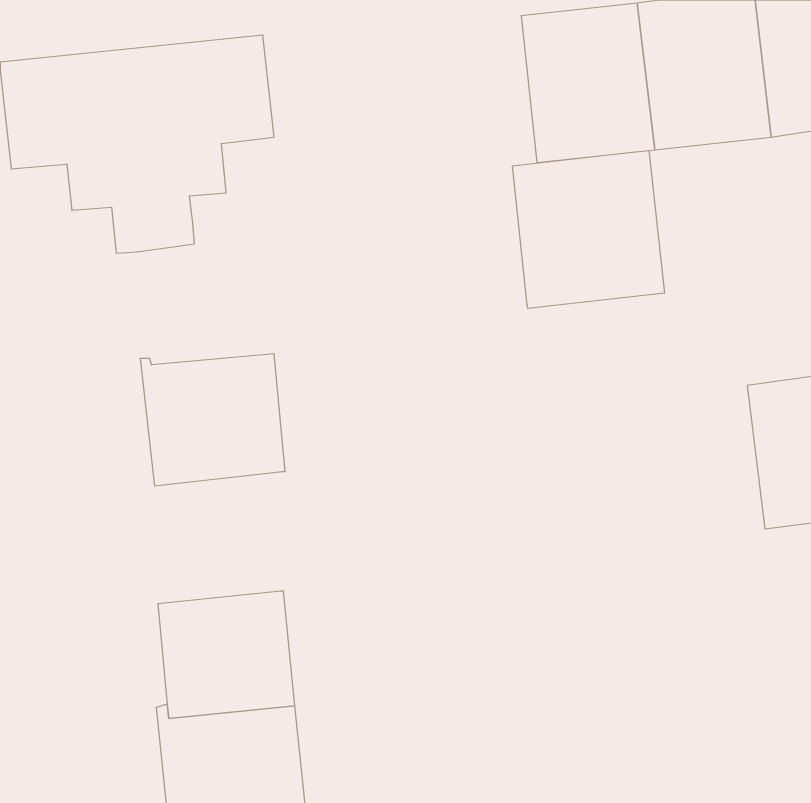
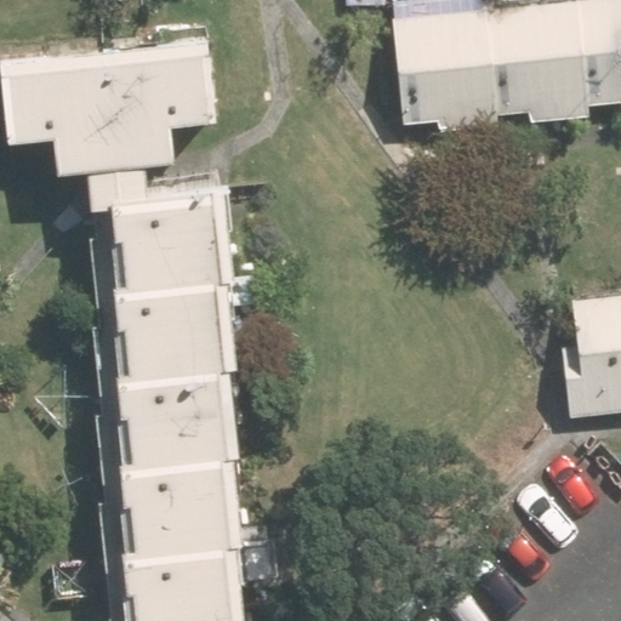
building: [512,151,664,309] -> none
building: none -> [107,188,218,286]
building: none -> [112,368,226,468]

